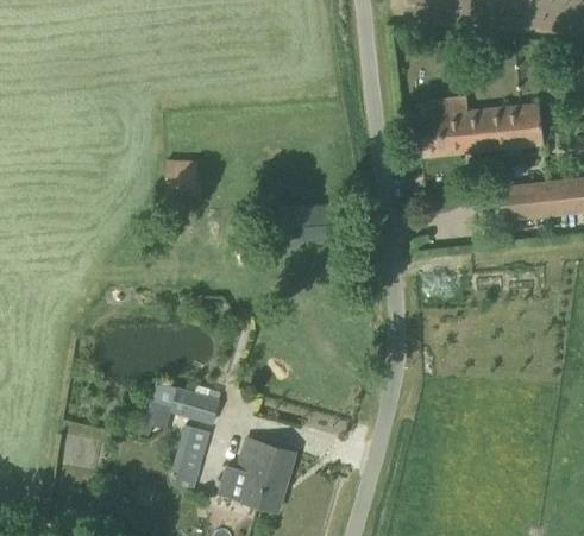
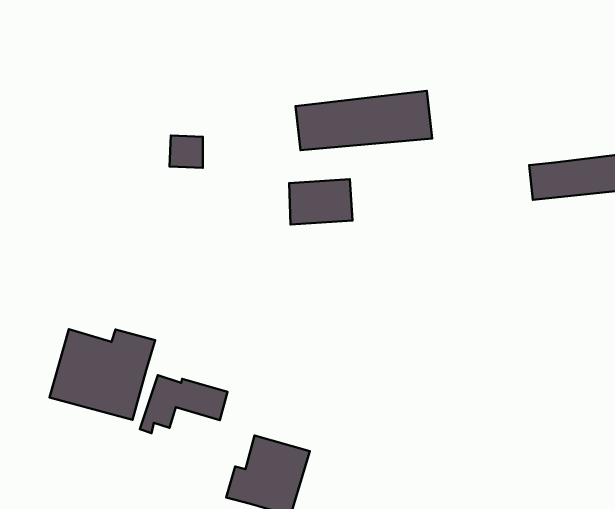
building: [417,102,544,157] -> [295,91,432,150]
building: none -> [49,329,155,420]
building: [174,424,207,469] -> none

